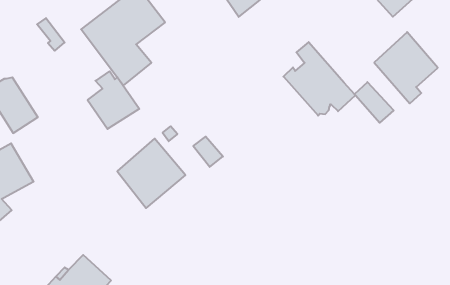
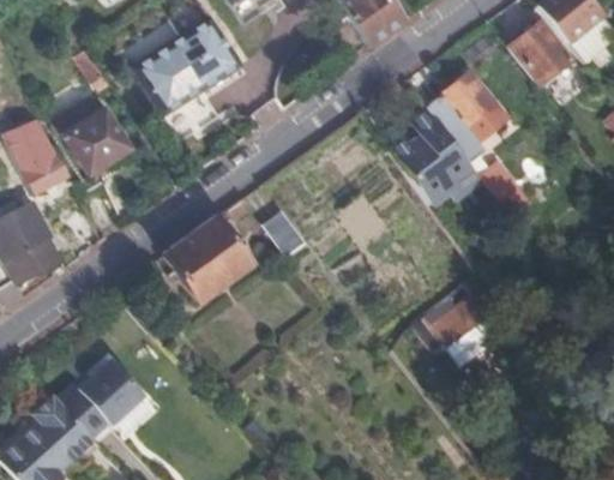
building: [374,32,438,103] -> [426,71,507,163]
building: [88,71,139,129] -> [66,97,132,172]
building: none -> [421,298,486,371]

